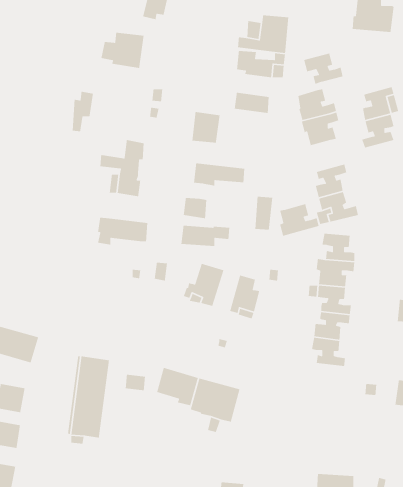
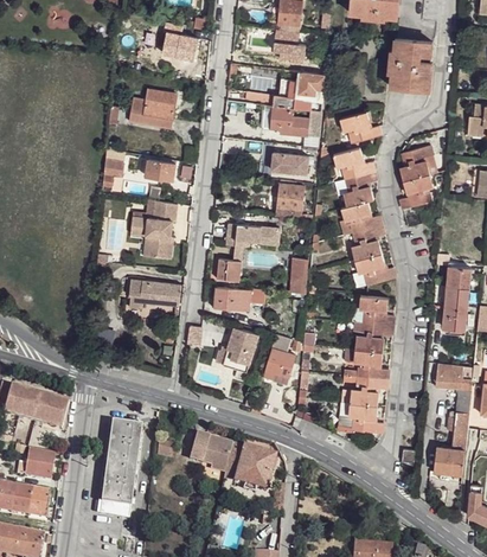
building: none -> [145,158,175,180]
building: [191,111,220,144] -> [275,183,305,216]
building: [279,203,320,237] -> [340,200,382,235]

